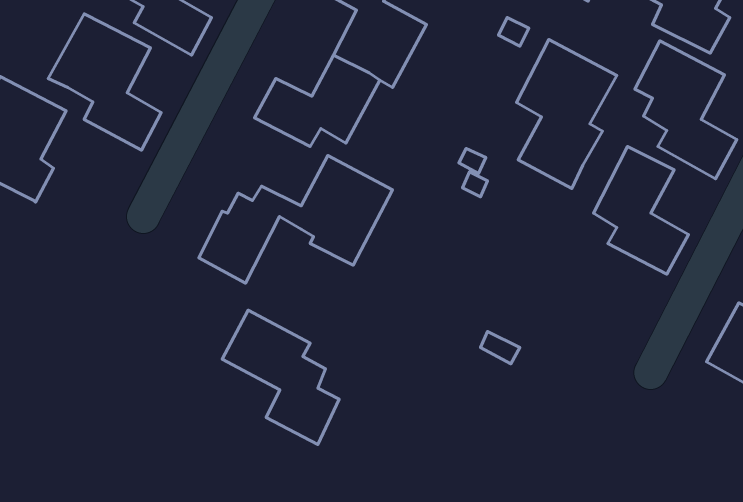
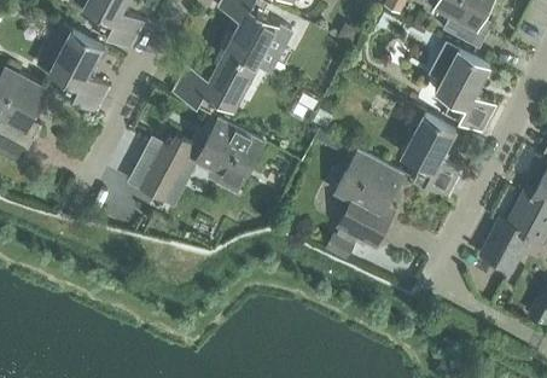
building: [516,40,617,189] -> [334,149,402,249]
building: [222,310,339,444] -> none

